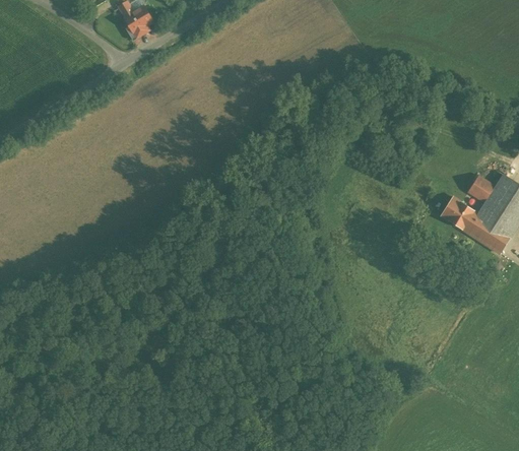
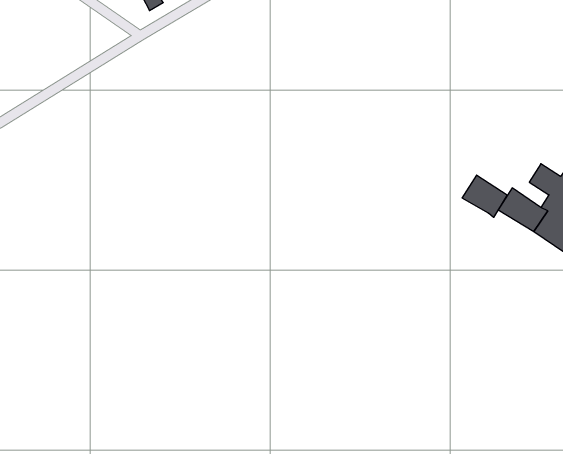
building: none -> [462,175,507,217]

